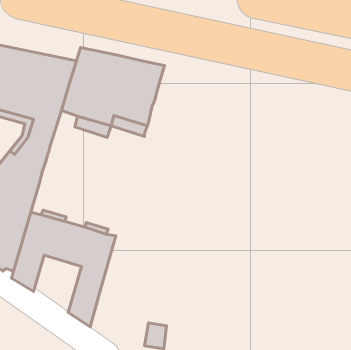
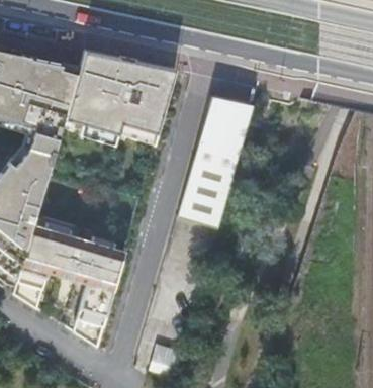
building: none -> [180,96,252,228]

